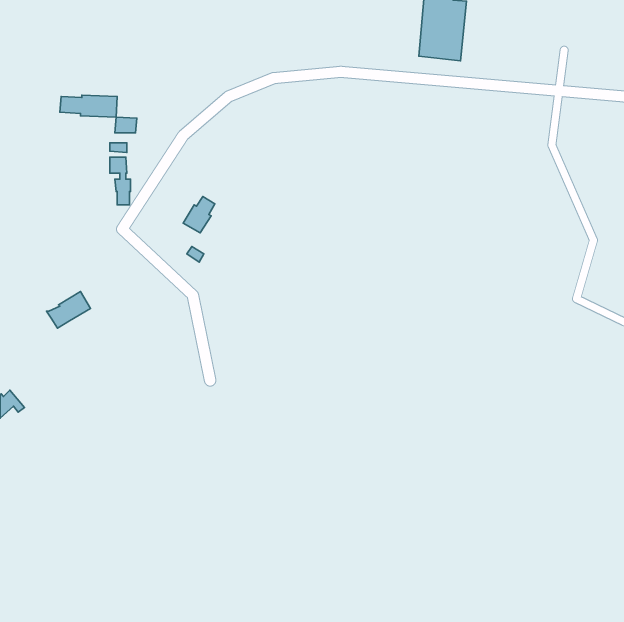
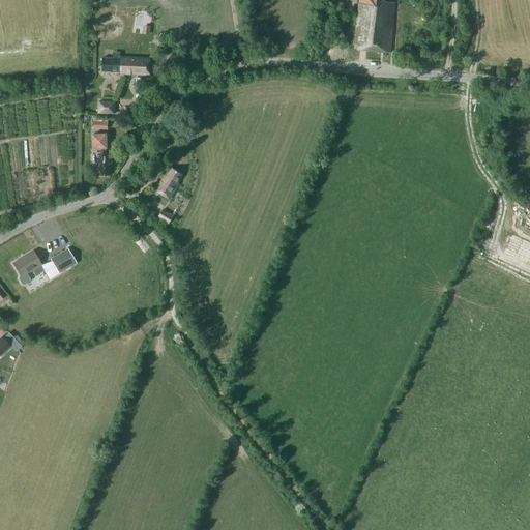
building: [60,95,117,117] -> [101,56,150,75]
building: none -> [12,251,43,284]

